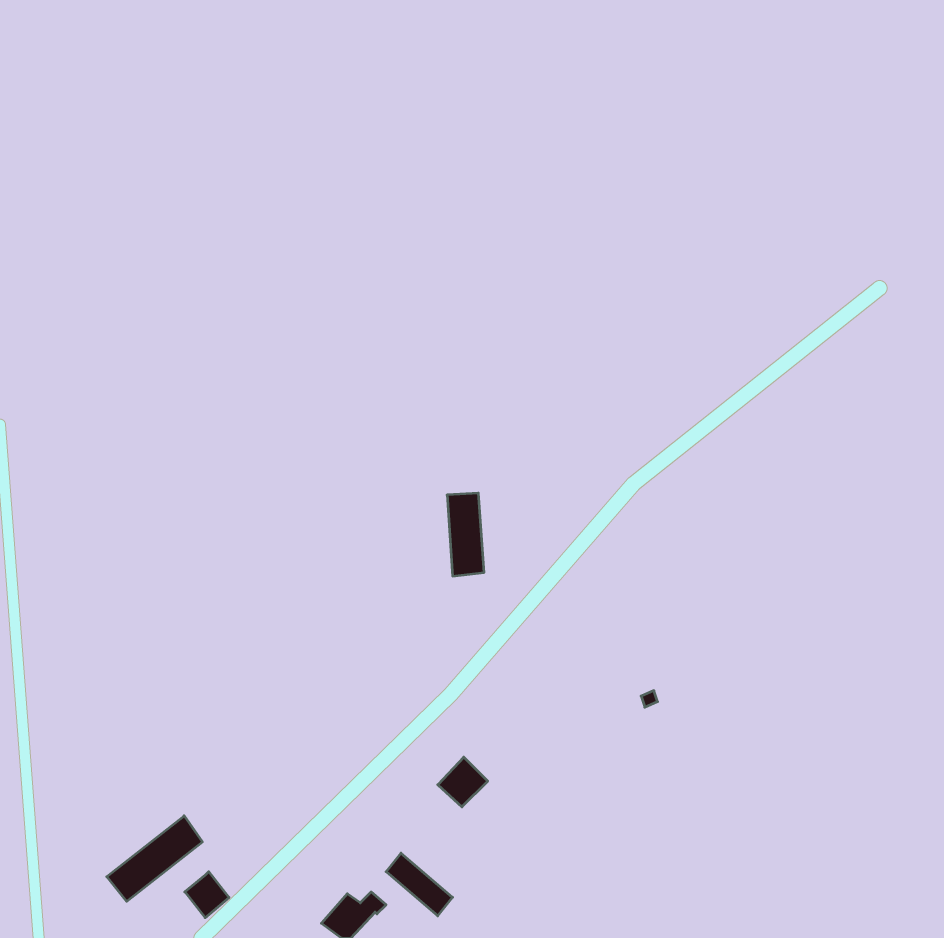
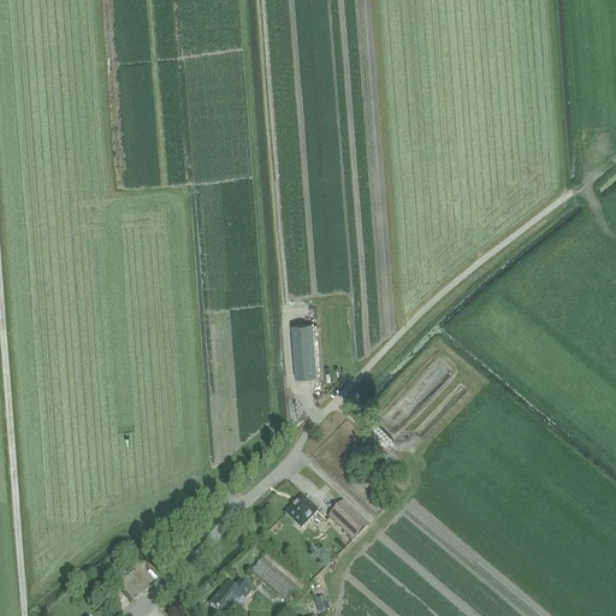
building: none -> [328,499,368,538]
building: [107,816,202,901] -> none

